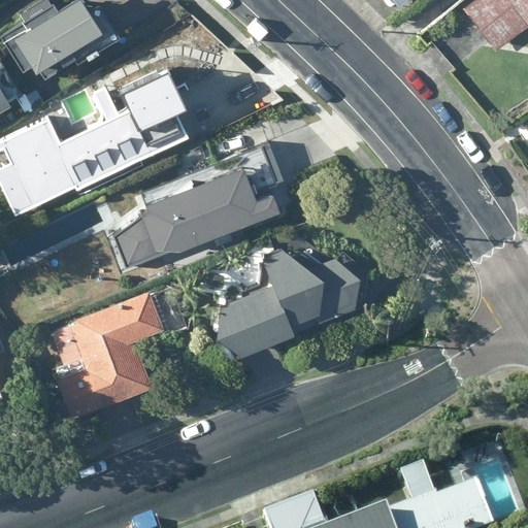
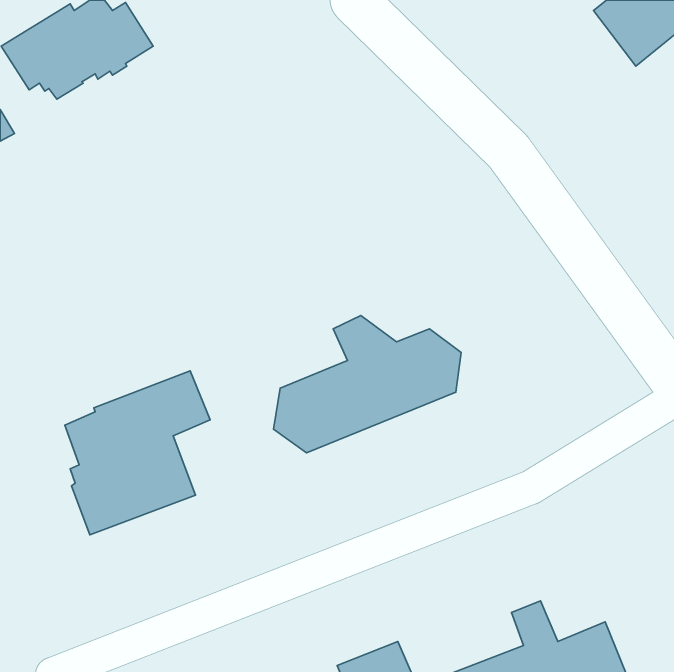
building: [6,76,174,202] -> none
building: [117,143,285,270] -> none

